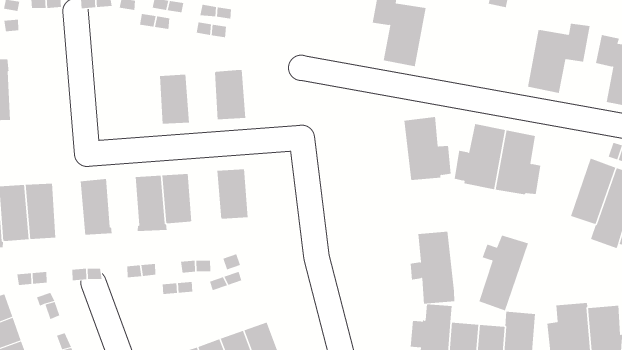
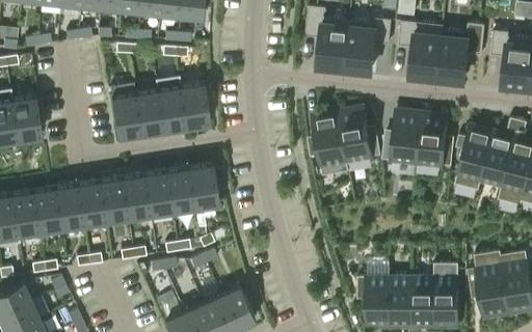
building: none -> [344,19,391,73]
building: none -> [398,22,444,79]
building: none -> [155,77,185,130]
building: none -> [110,83,140,136]
building: none -> [11,95,41,139]
building: none -> [165,167,195,215]
building: none -> [99,177,128,220]
building: none -> [55,185,84,232]
building: [410,231,455,304] -> [309,114,348,175]
building: [478,235,529,311] -> [455,128,493,190]

